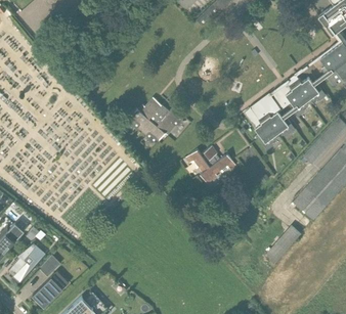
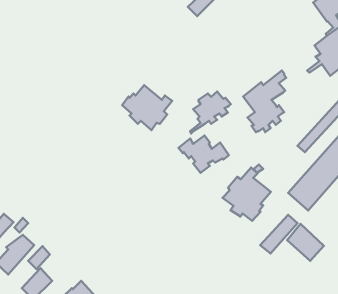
building: [282,78,321,119] -> [190,92,231,133]
building: none -> [223,167,271,221]
building: none -> [287,224,324,261]

